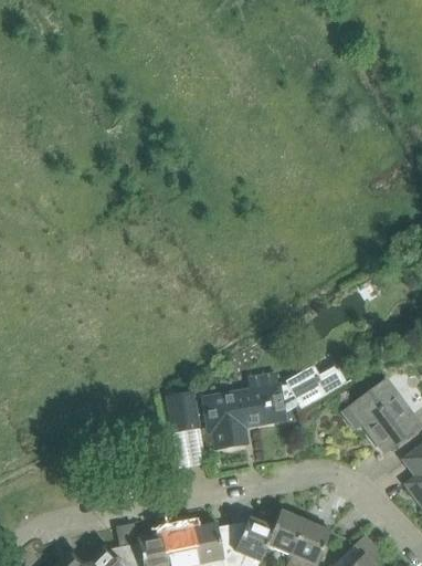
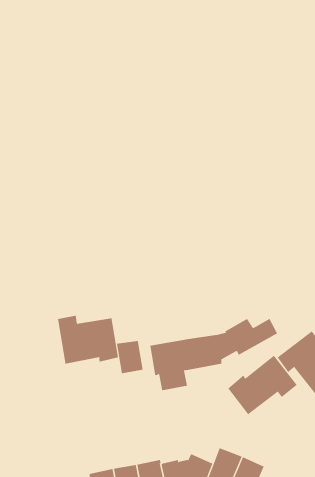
building: none -> [57,315,119,364]
building: none -> [227,355,297,415]

